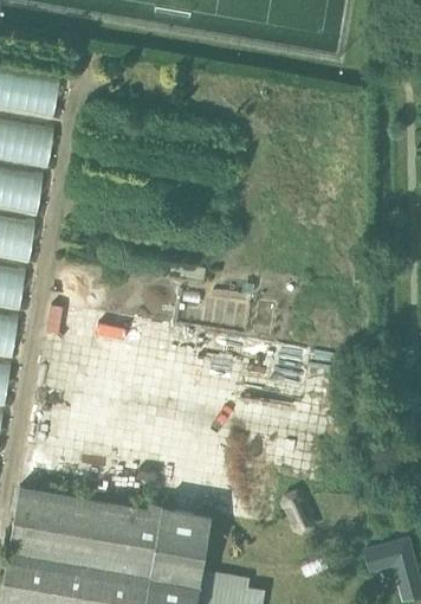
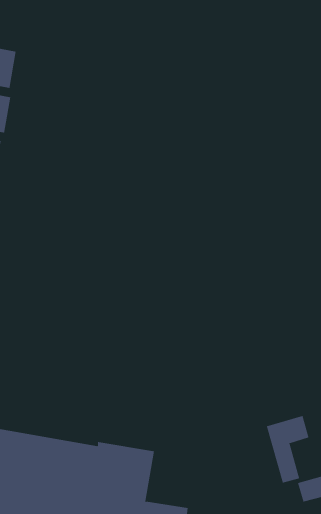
building: none -> [266,415,309,484]

